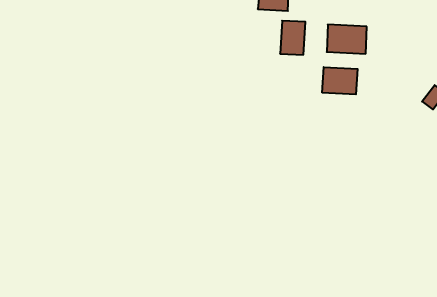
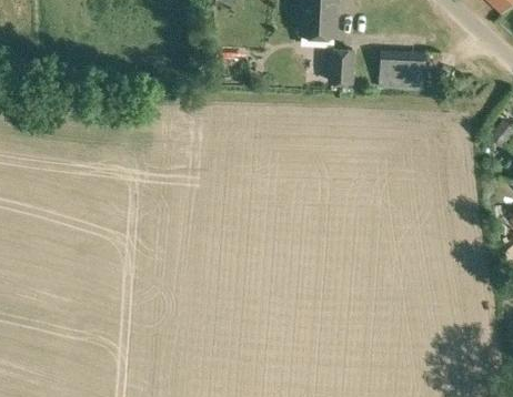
building: [322,67,358,94] -> none

